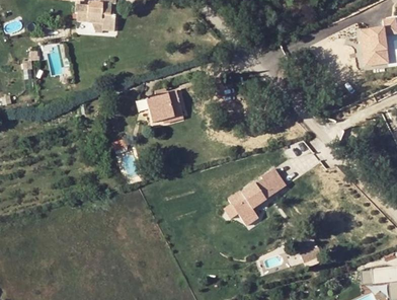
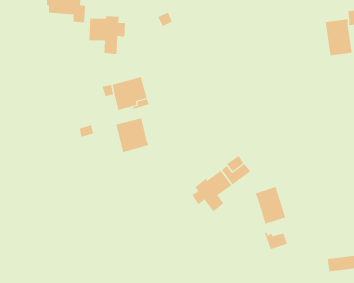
building: none -> [89,15,125,55]
building: none -> [116,118,149,153]
building: none -> [255,186,286,224]

